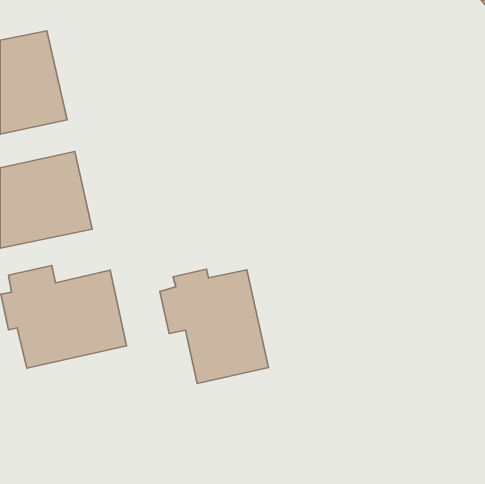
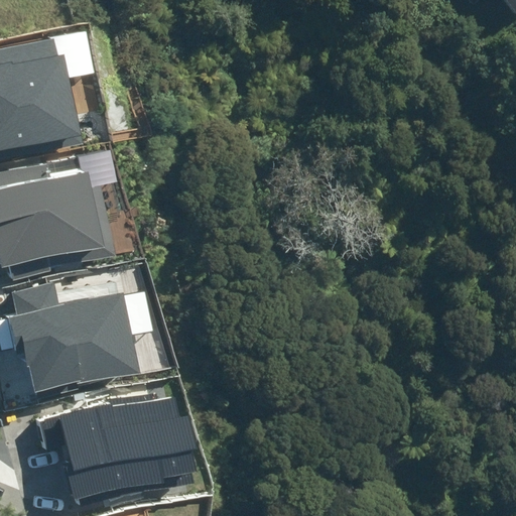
building: [160,269,268,384] -> none
building: none -> [43,393,195,500]

